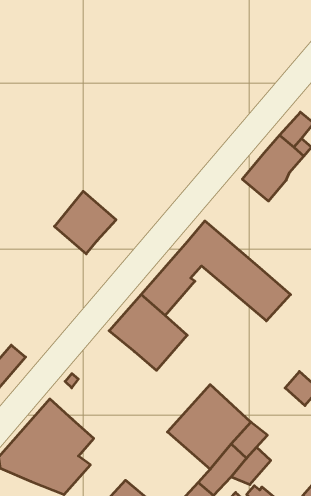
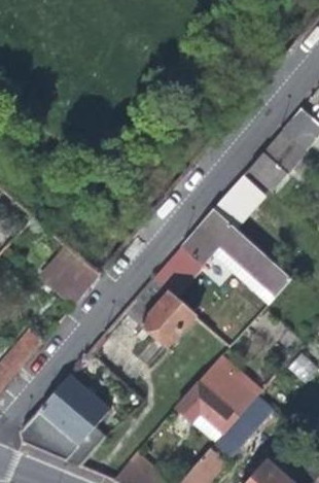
building: none -> [213,171,273,251]
building: [54,191,116,254] -> [42,247,100,306]

